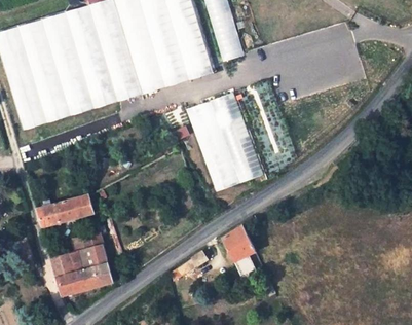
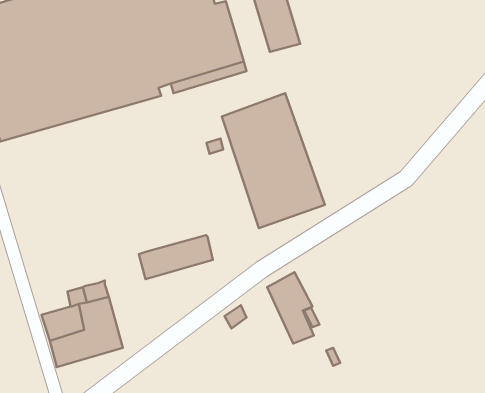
building: [38,194,93,227] -> [139,235,213,279]

